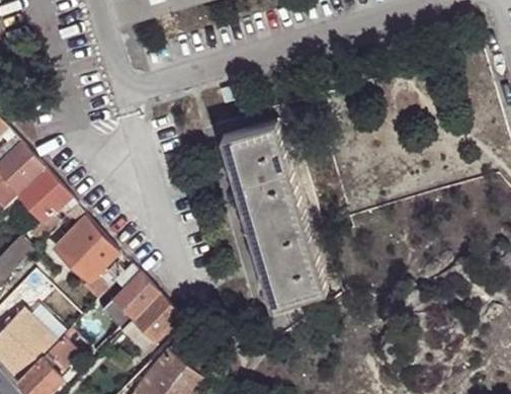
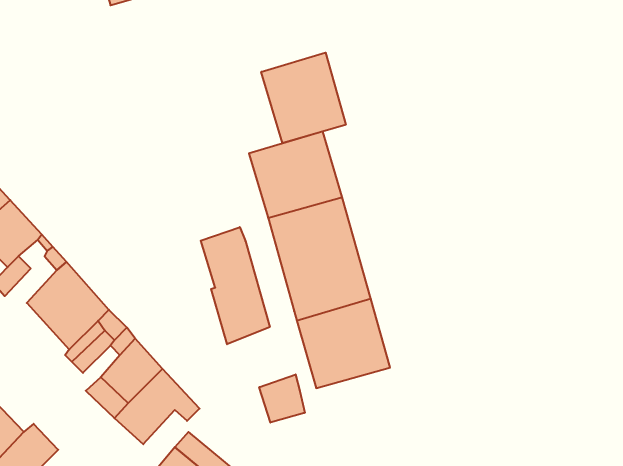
building: none -> [261,53,346,143]
building: none -> [201,227,270,344]
building: none -> [259,374,305,423]

